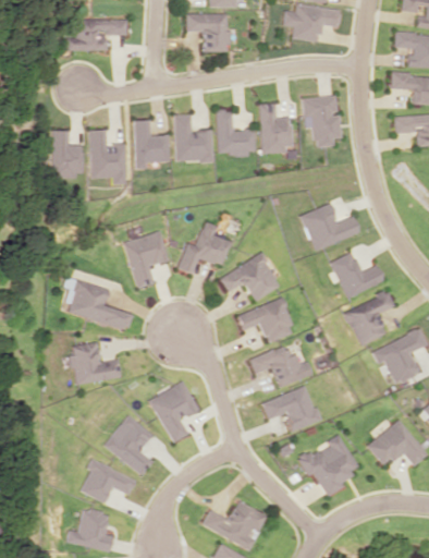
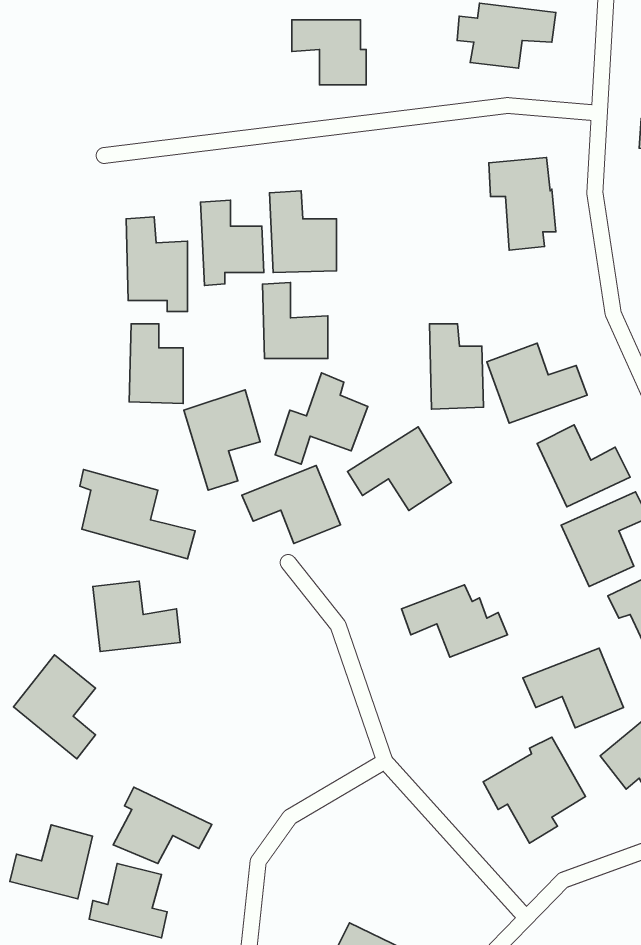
building: [65,19,127,50] -> none
building: [259,104,291,154] -> [430,324,484,409]
building: [217,109,255,154] -> [263,282,328,359]
building: [51,130,83,177] -> [129,324,183,404]
building: [237,298,295,343] -> [242,465,340,543]
building: [149,380,198,442] -> none
building: [261,385,320,432] -> [523,648,623,728]
building: [105,414,152,475] -> [14,655,95,759]
building: none -> [10,825,93,899]
building: [201,499,266,549] -> none

